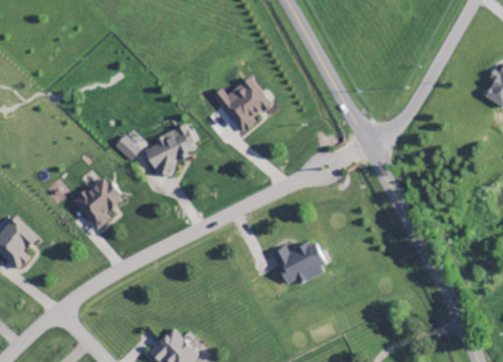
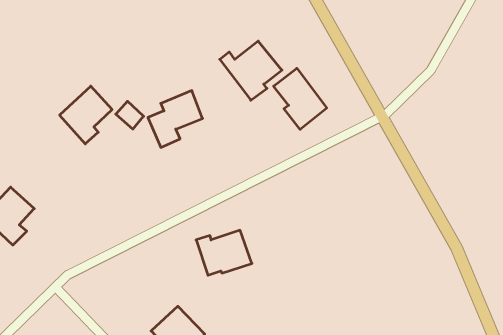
building: none -> [274,68,327,129]
building: [74,174,124,229] -> [60,86,112,144]
building: [274,241,327,284] -> [196,230,252,275]

